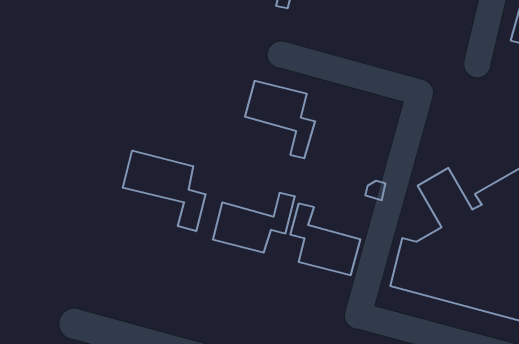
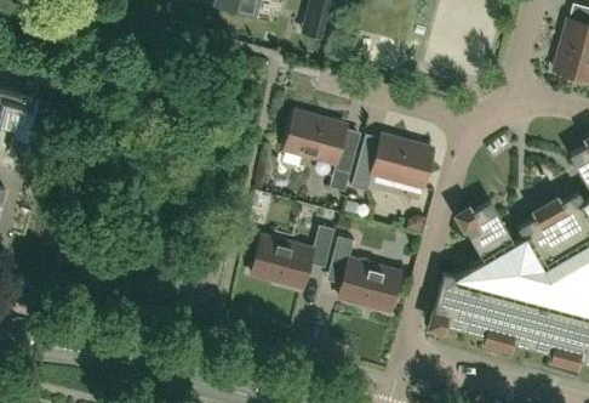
building: none -> [351,135,434,191]
building: [123,151,206,231] -> none

